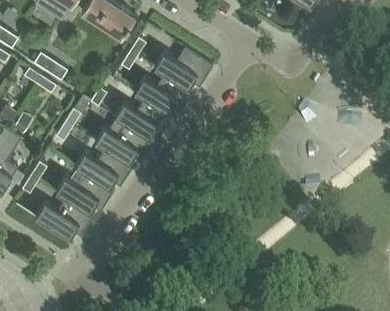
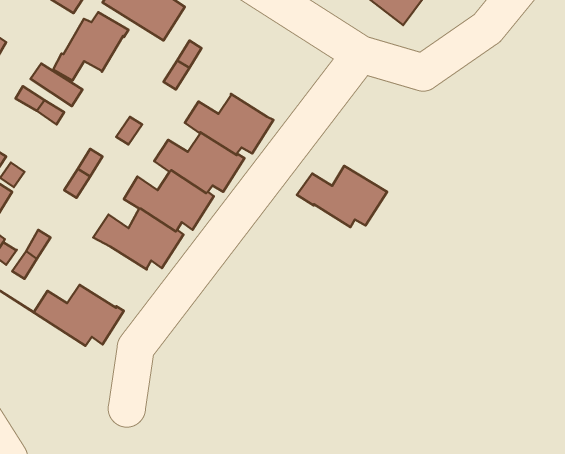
building: none -> [53,12,128,81]
building: [154,48,213,88] -> [297,166,387,227]
building: [56,173,115,213] -> none

